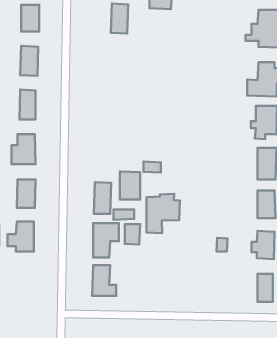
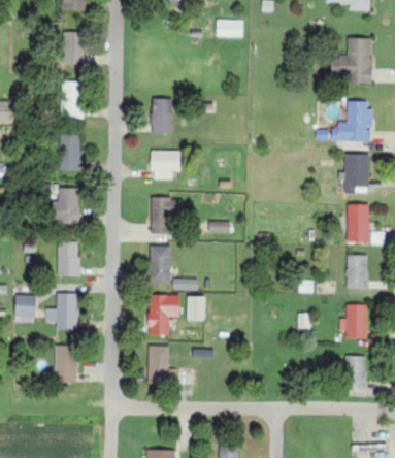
building: [111,4,128,34] -> [152,98,172,134]
building: none -> [152,151,180,179]
building: [120,171,140,200] -> [150,197,174,231]
building: [146,194,180,233] -> none
building: none -> [55,346,76,383]

